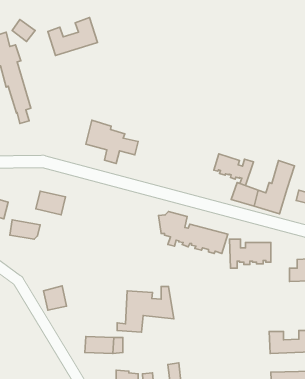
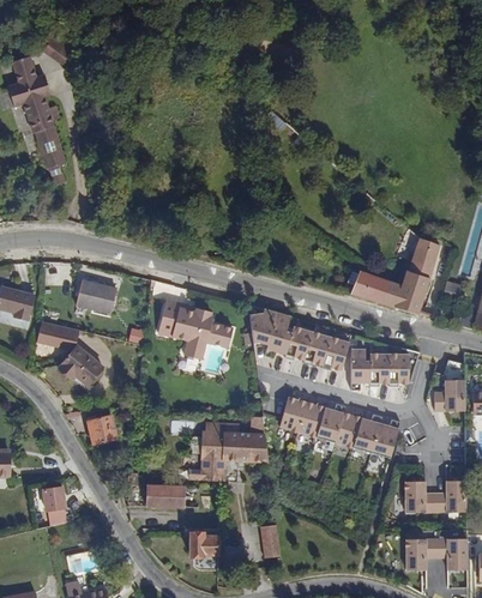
building: [48,18,97,55] -> none
building: [86,120,138,163] -> [158,298,233,360]
building: [214,154,254,185] -> none
building: none -> [60,344,106,388]
building: none -> [278,397,400,455]
building: none -> [41,488,66,524]

